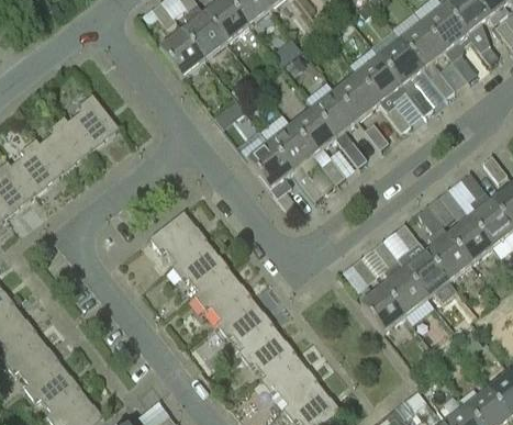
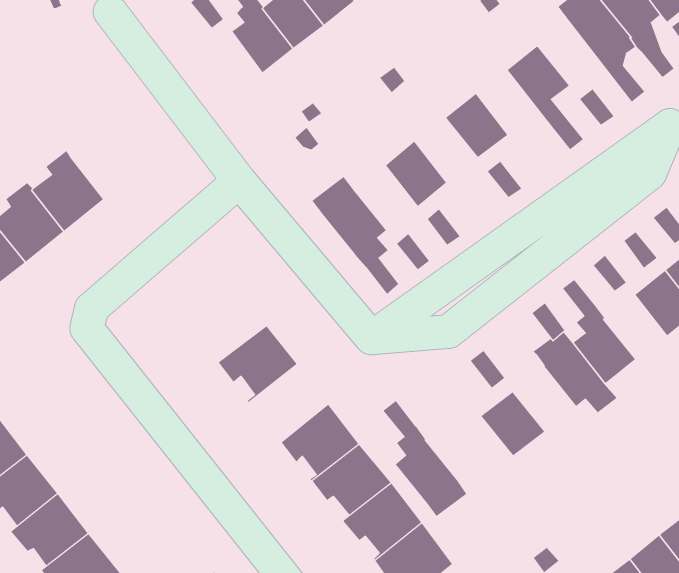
building: [399,21,444,67] -> none
building: [157,29,202,76] -> none
building: [347,44,409,131] -> none
building: [311,90,365,165] -> none
building: [66,91,119,148] -> none
building: [268,124,313,170] -> none
building: [148,209,205,265] -> none
building: [446,216,491,262] -> none
building: [372,239,433,323] -> [382,400,467,517]
building: [192,266,249,322] -> none

